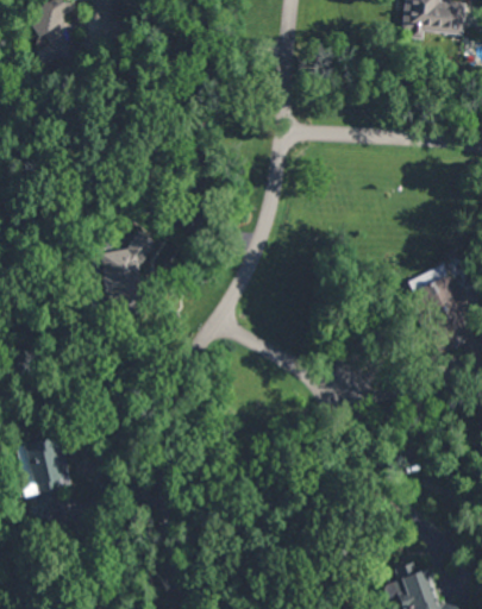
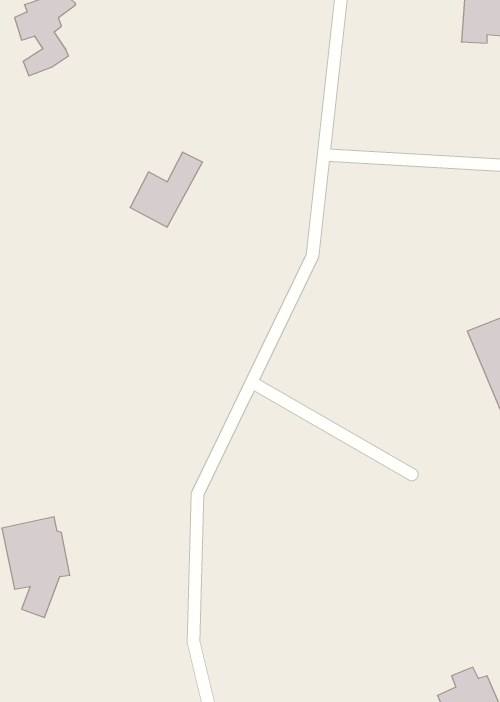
building: [92,231,152,294] -> [130,152,203,227]

